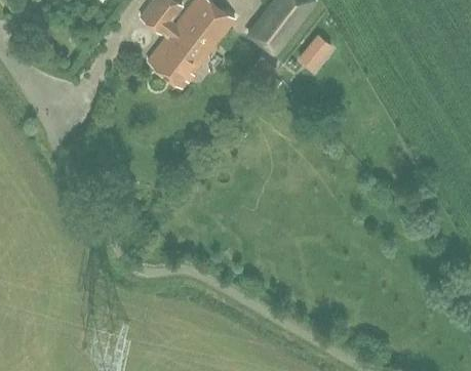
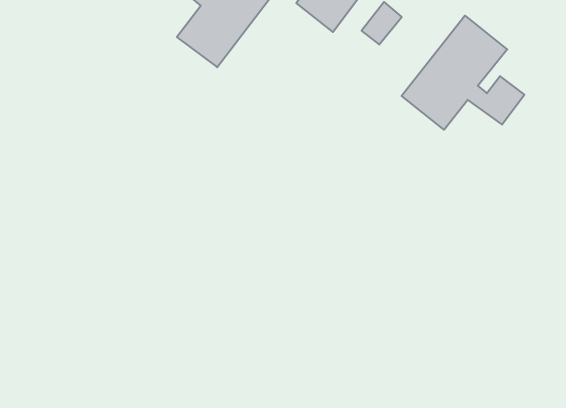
building: none -> [402,16,524,130]

